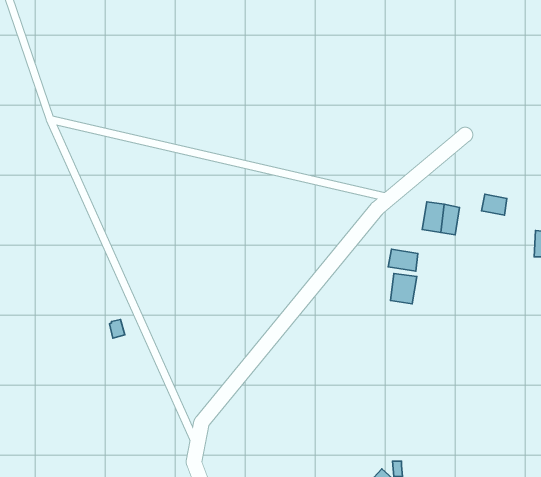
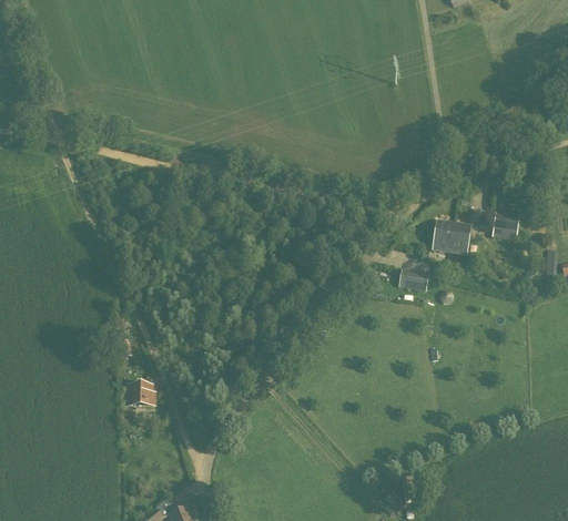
building: [391,274,417,304] -> none
building: none -> [128,382,154,403]

